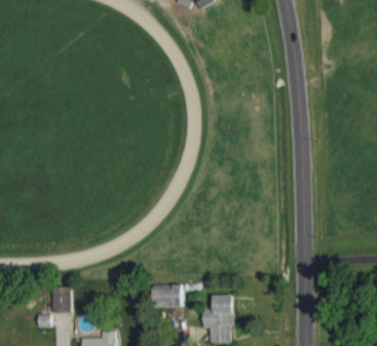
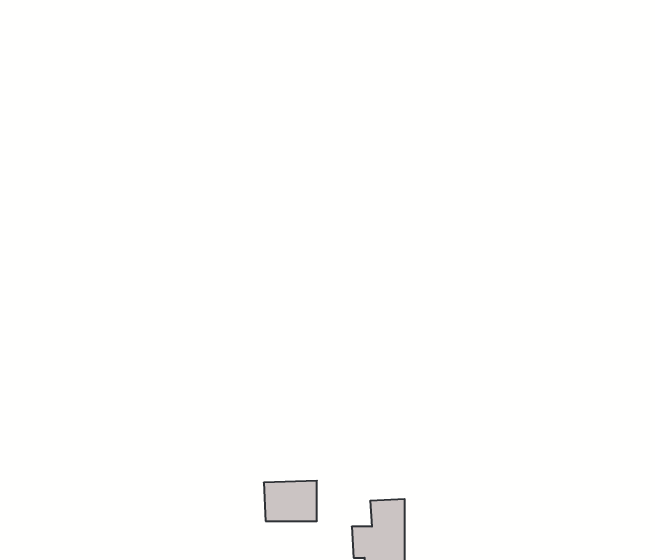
building: [51,286,71,313] -> none

